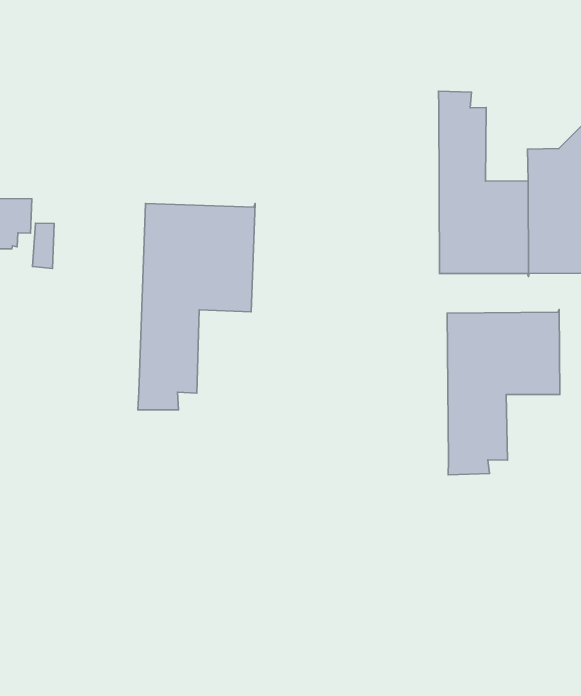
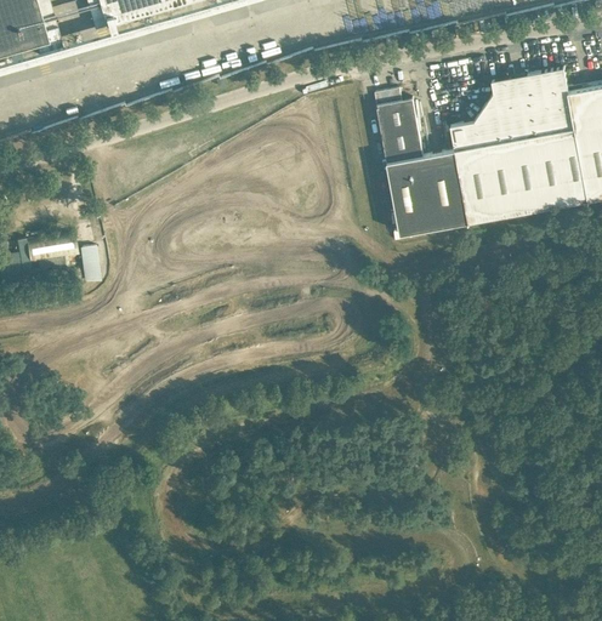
building: [138,203,255,410] -> none
building: [447,309,560,475] -> none

